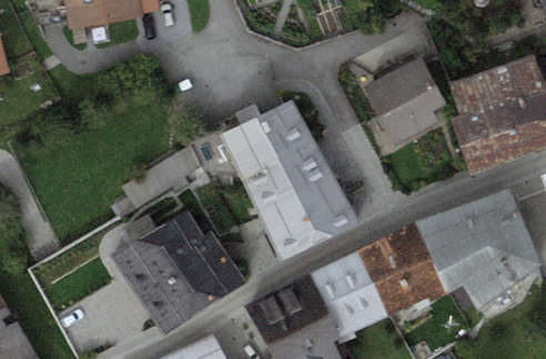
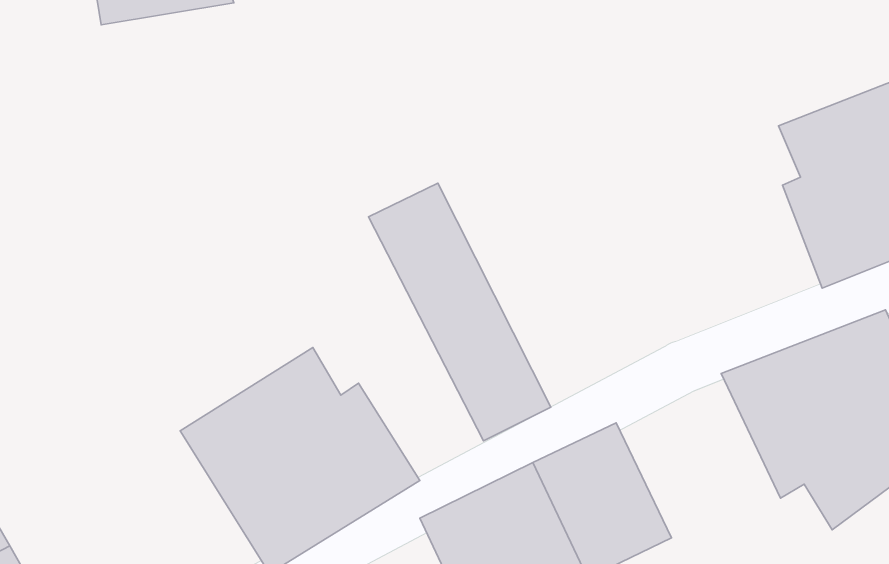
building: [363,55,447,146] -> none
building: [257,99,358,243] -> none
building: [357,224,449,316] -> none

